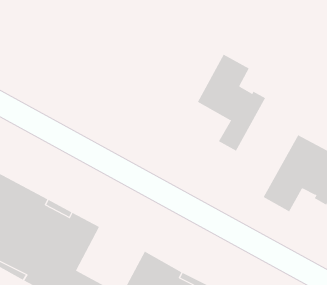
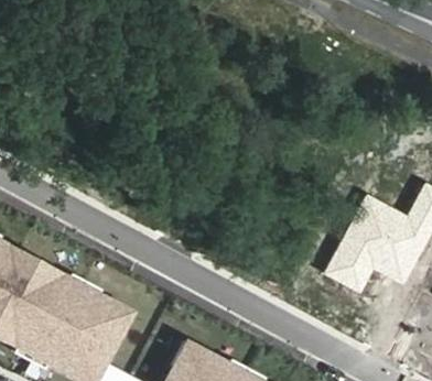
building: [197,54,266,152] -> none

